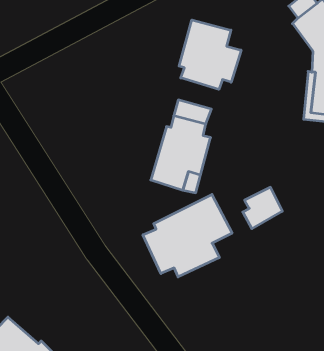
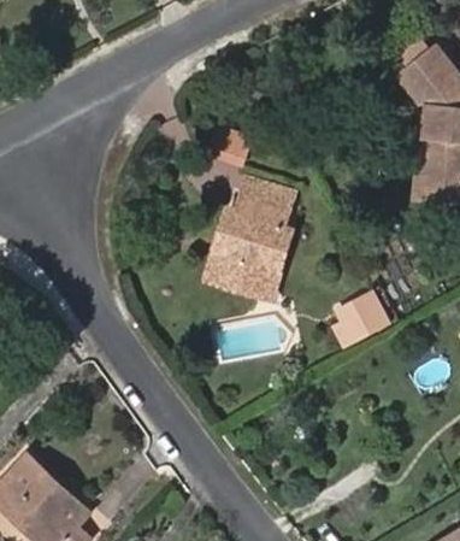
building: [179,20,241,89] -> none
building: [143,194,232,277] -> none

